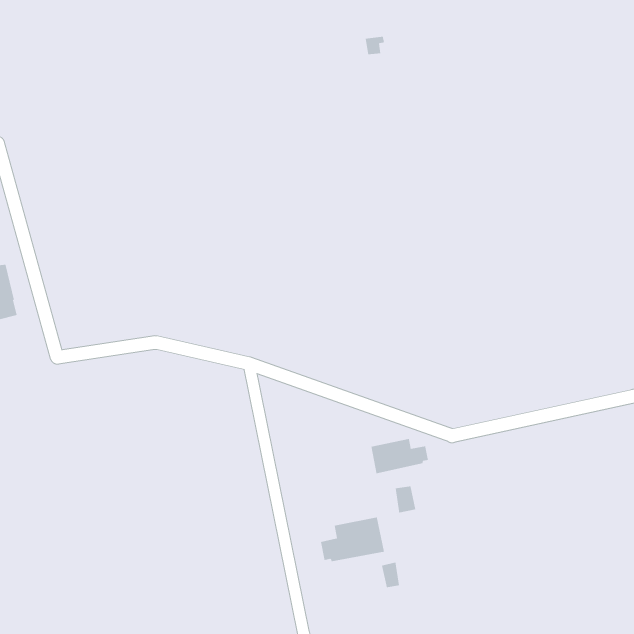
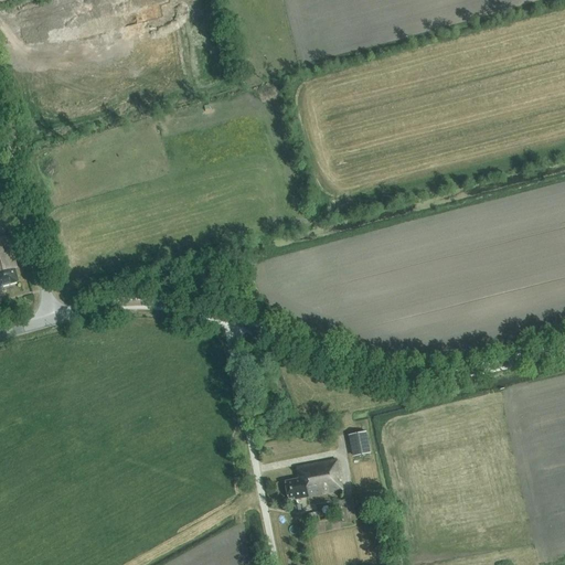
building: [371,438,429,474] -> none

